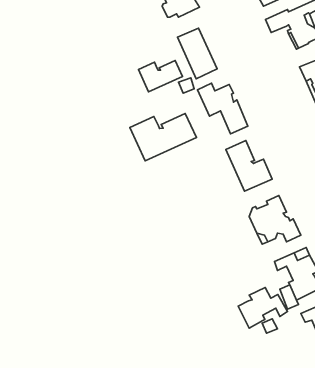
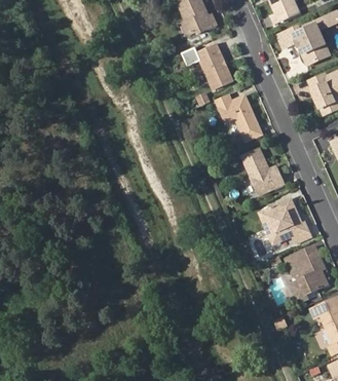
building: [138,60,182,92] -> none
building: [130,113,196,161] -> none
building: [238,288,287,328] -> none

